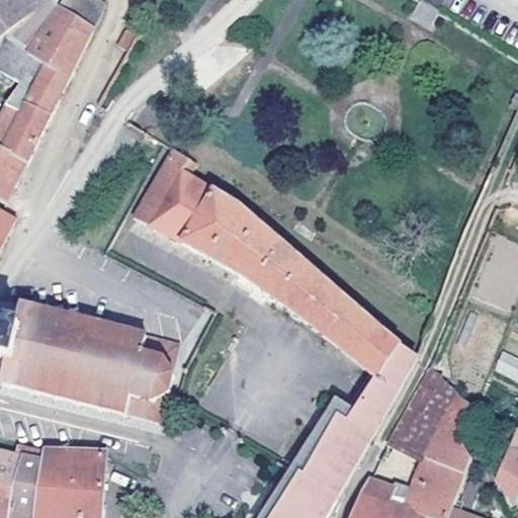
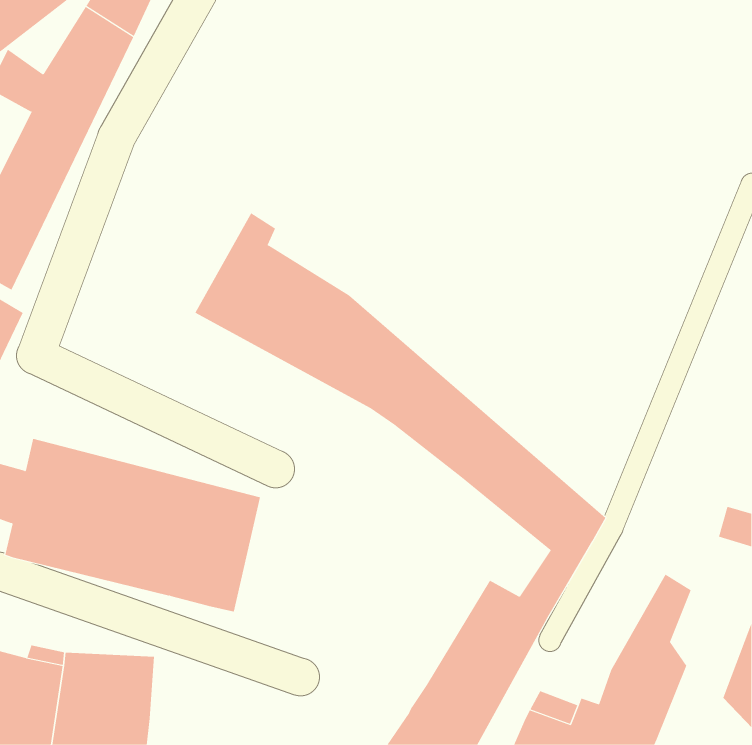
building: [386,366,456,459] -> none

